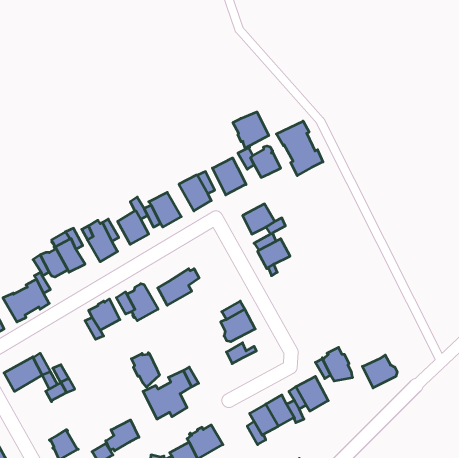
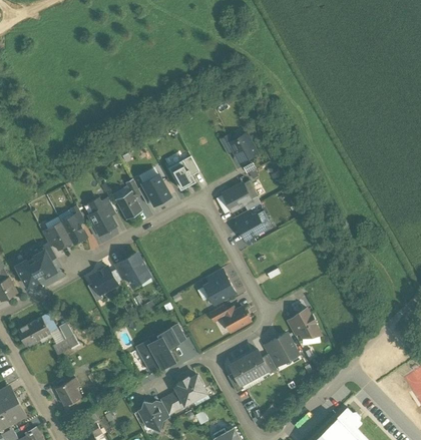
building: [233,112,269,148] -> none
building: [276,121,323,176] -> none
building: [212,158,246,195] -> none
building: [158,269,199,305] -> none
building: none -> [224,307,251,332]
building: [131,353,159,387] -> none
building: [362,355,397,388] -> none
building: [106,420,139,451] -> none

